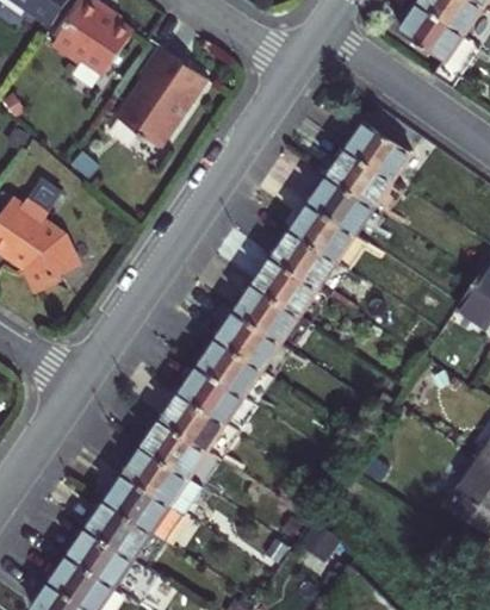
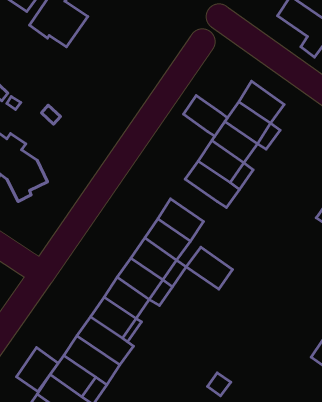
building: [112,56,204,155] -> none
building: none -> [183,96,227,136]
building: [249,257,314,316] -> [186,247,233,289]
building: none -> [16,347,58,392]

